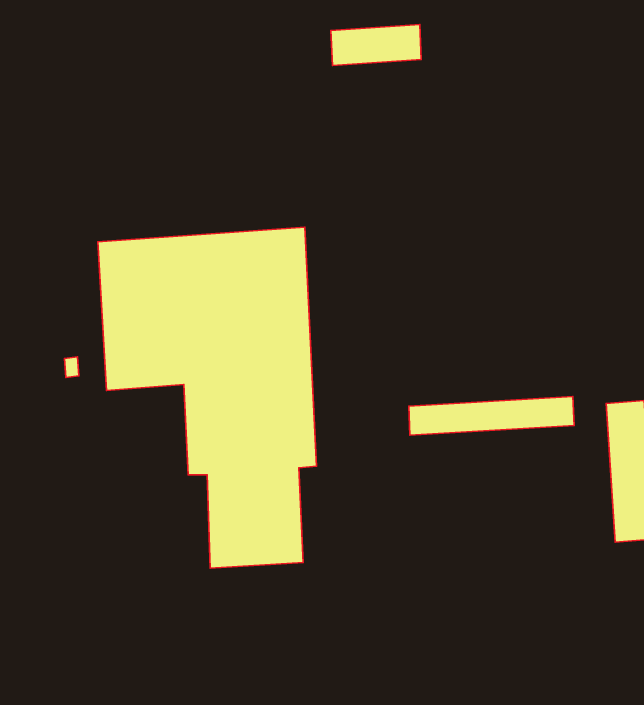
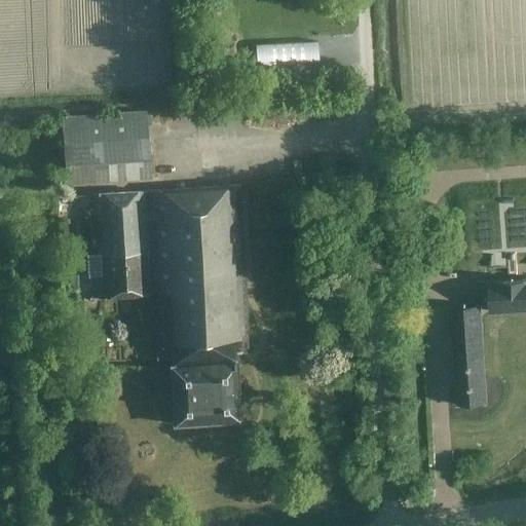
building: none -> [64,113,152,185]
building: [409,396,574,435] -> none

